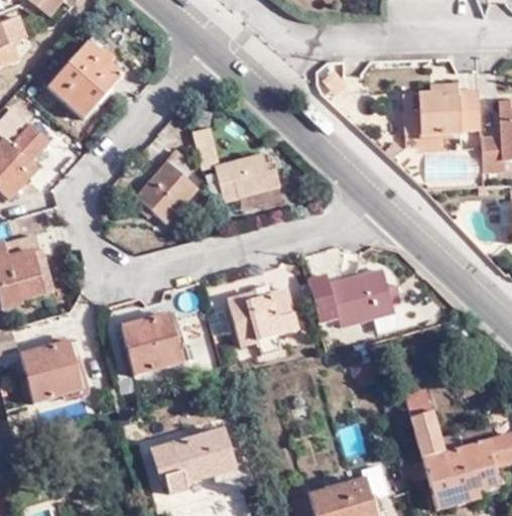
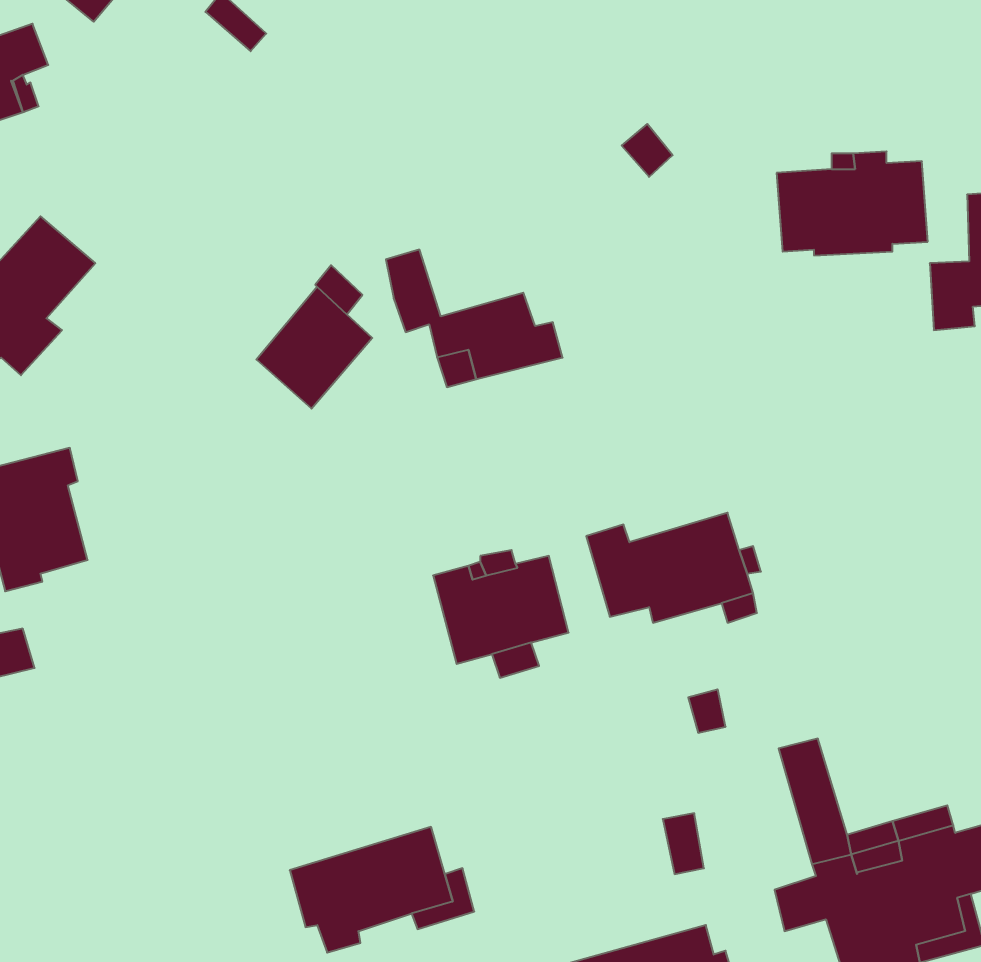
building: [51,40,125,115] -> none
building: [122,313,182,376] -> none
building: [20,341,77,397] -> none

